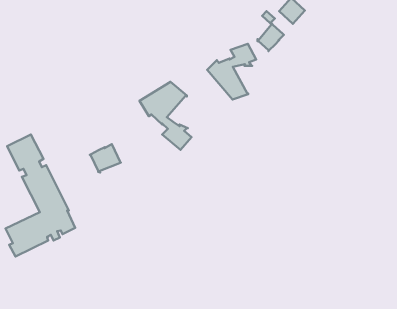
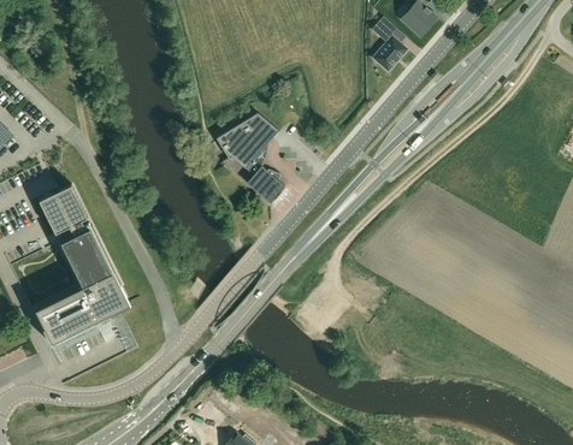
building: [207,44,256,99] -> none
building: [90,144,121,173] -> none

